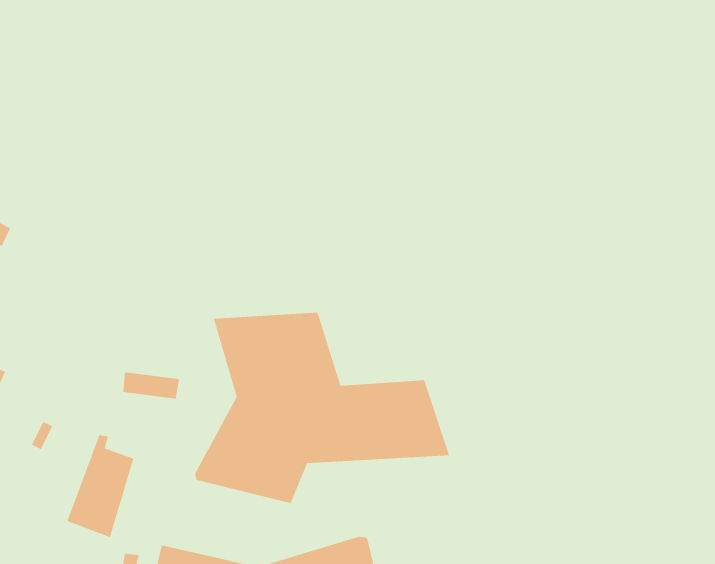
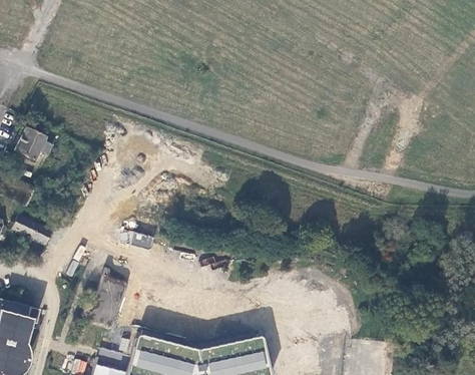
building: [194,312,450,504] -> none

